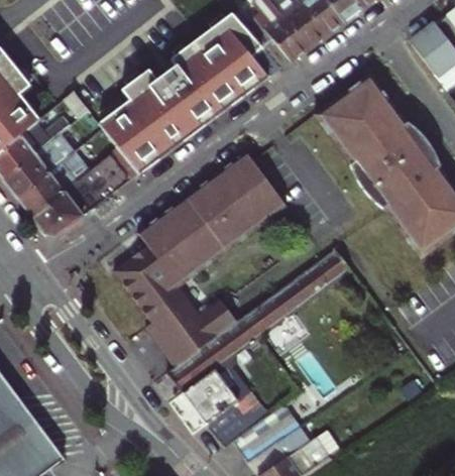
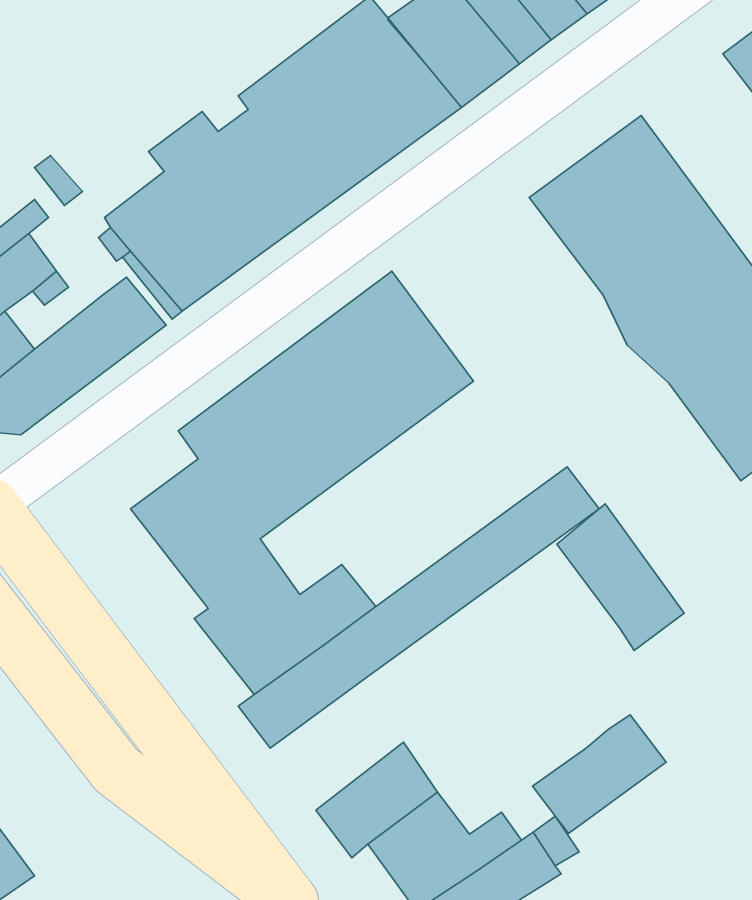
building: none -> [557,504,684,650]
building: [183,355,250,423] -> none
building: none -> [532,715,666,833]

